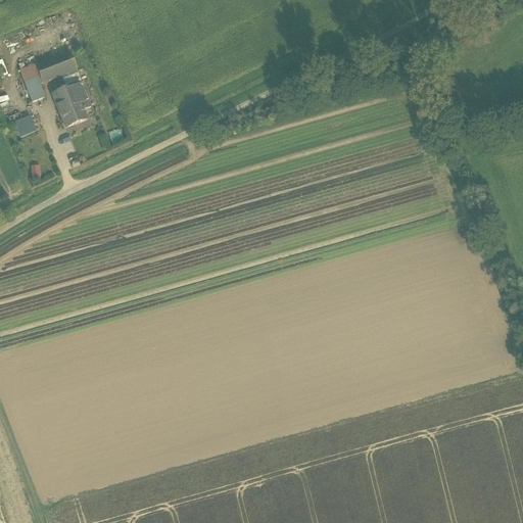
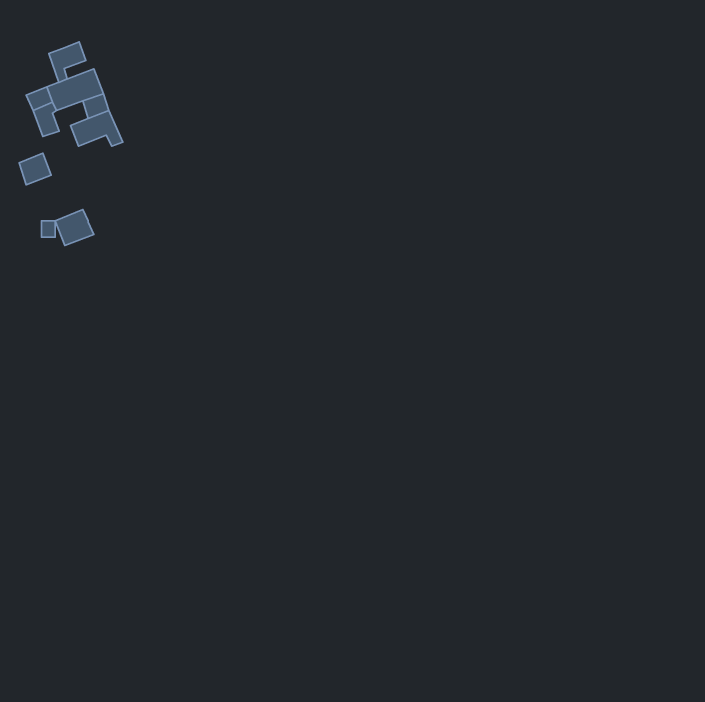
building: none -> [49,42,86,82]
building: [58,100,87,127] -> [55,210,94,245]

